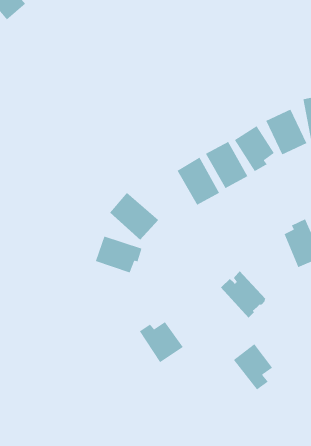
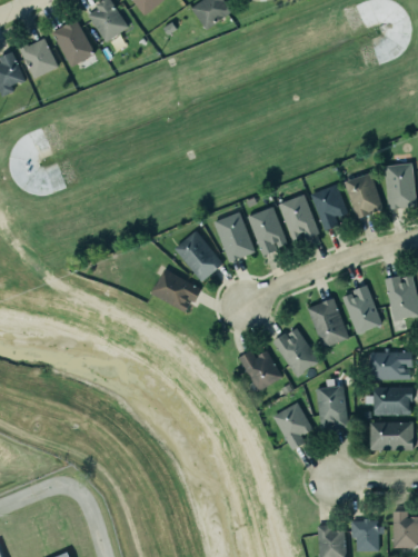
building: none -> [213,211,256,262]
building: none -> [307,297,349,348]
building: none -> [317,386,347,429]
building: [139,321,184,363] -> [240,350,282,391]

